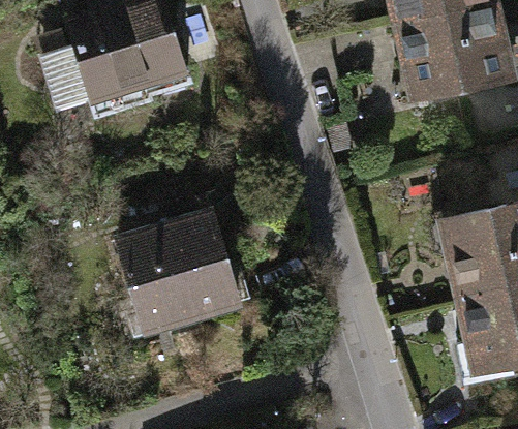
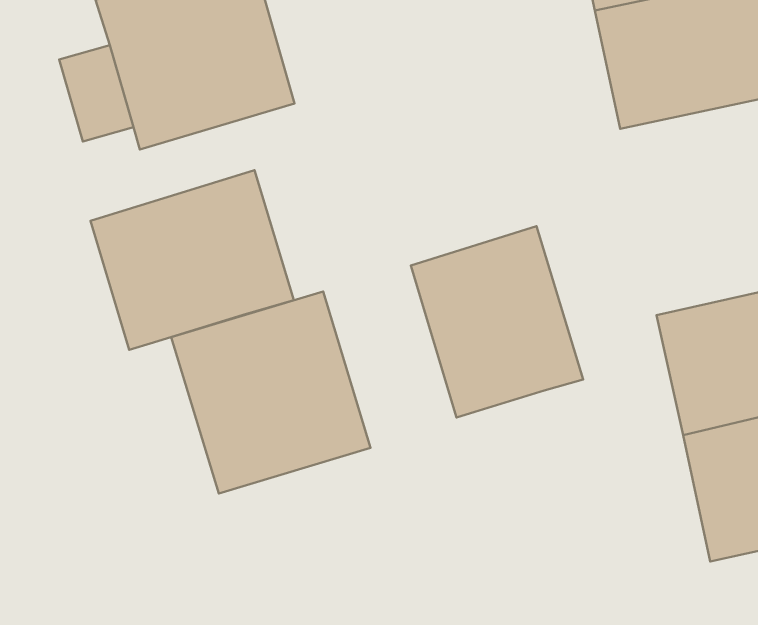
building: none -> [91,170,294,350]
building: none -> [411,226,583,417]

